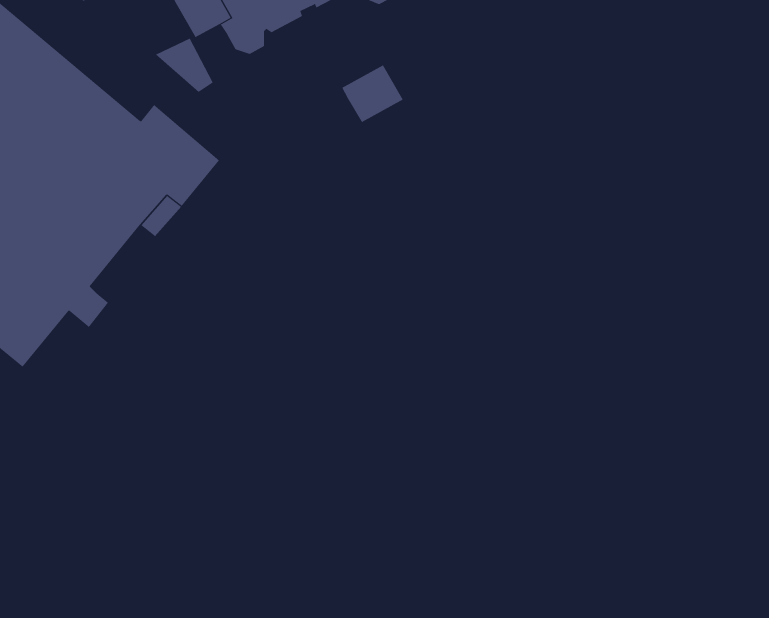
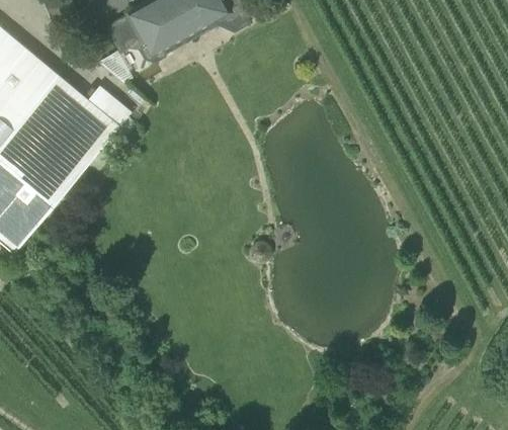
building: [341,64,404,123] -> none

